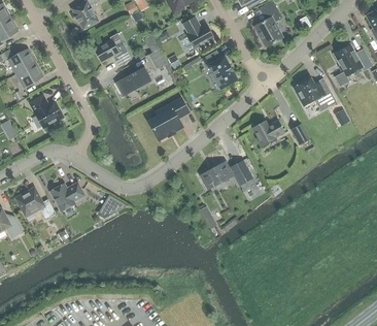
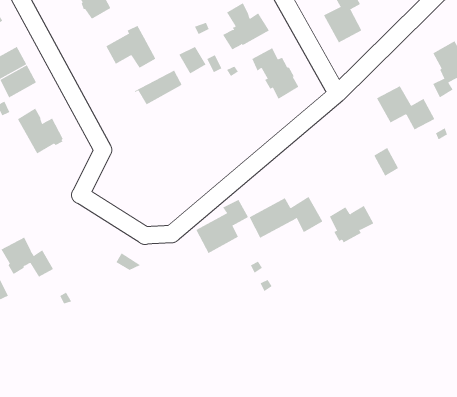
building: [149,98,188,138] -> [195,199,249,254]
building: [252,119,285,146] -> [329,205,374,243]
building: [49,183,84,210] -> none

